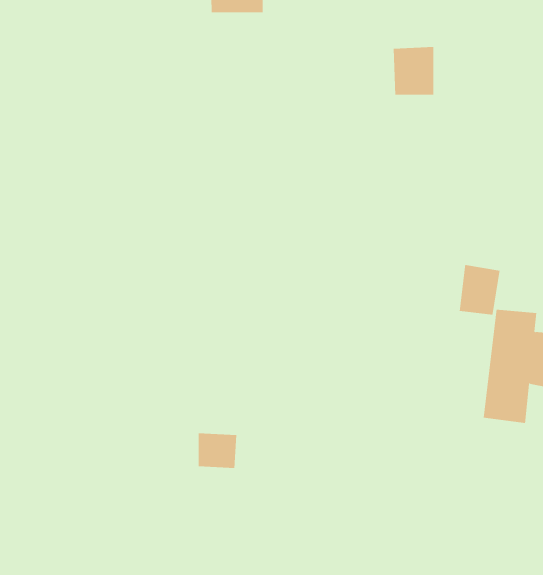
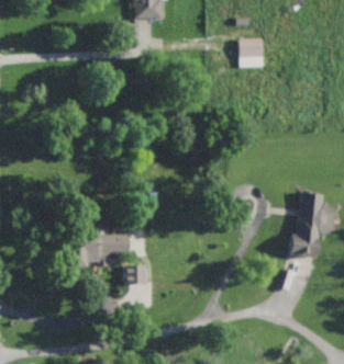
building: [459,264,500,316] -> none
building: none -> [66,235,126,268]

